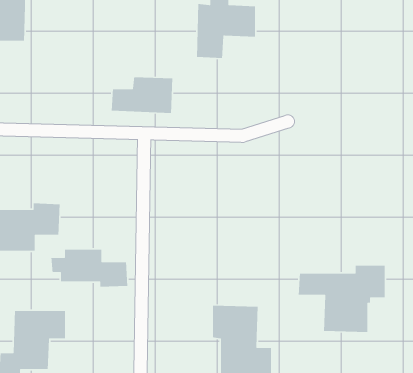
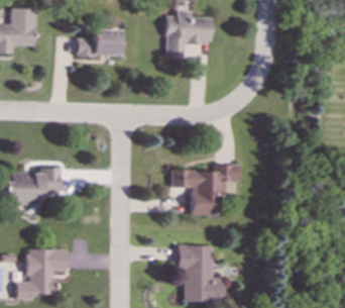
building: [111,77,173,114] -> [77,29,124,58]
building: [51,249,128,287] -> none
building: [298,265,386,333] -> [171,165,238,216]

